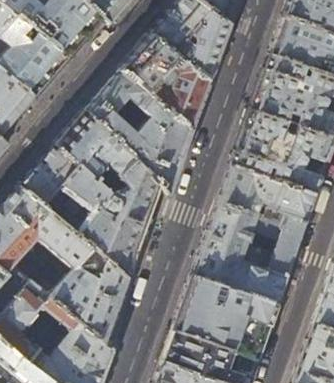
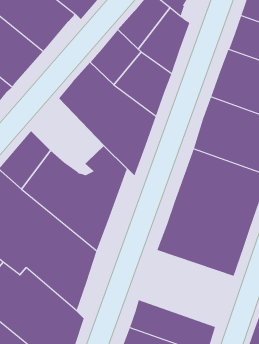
building: [55,110,135,190] -> none
building: [173,277,278,361] -> none

